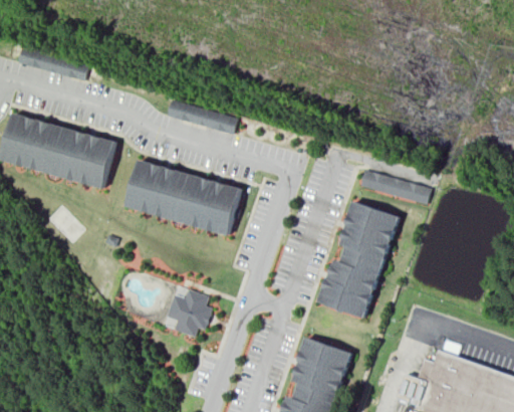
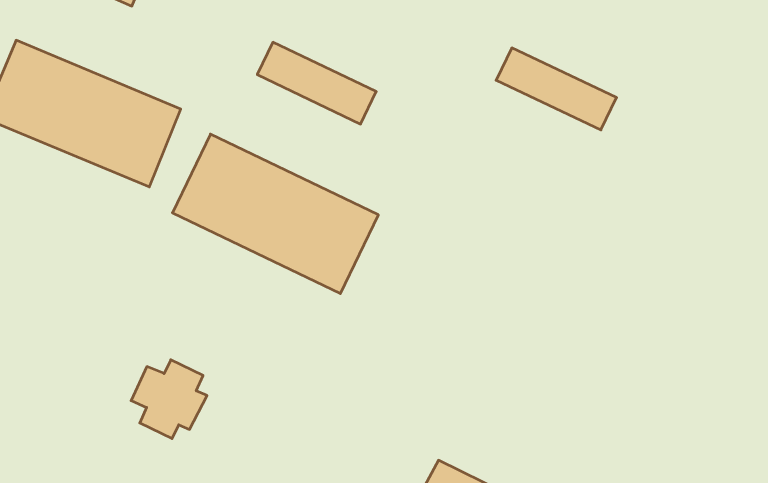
building: [357,163,433,206] -> [496,48,617,130]
building: [316,203,406,321] -> none
building: [164,289,210,338] -> [131,360,207,439]

